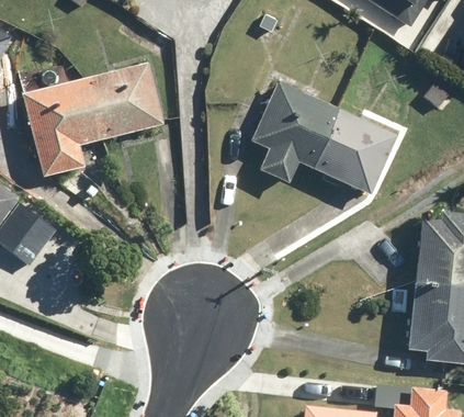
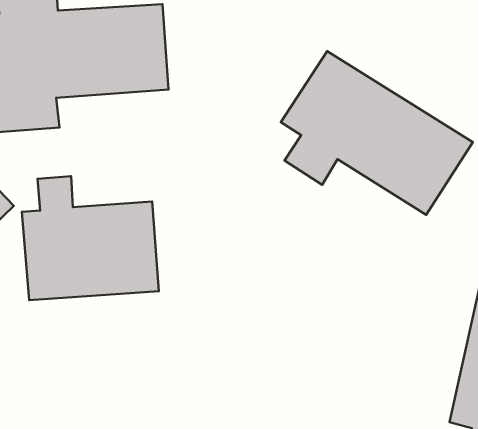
building: none -> [22,176,159,300]

